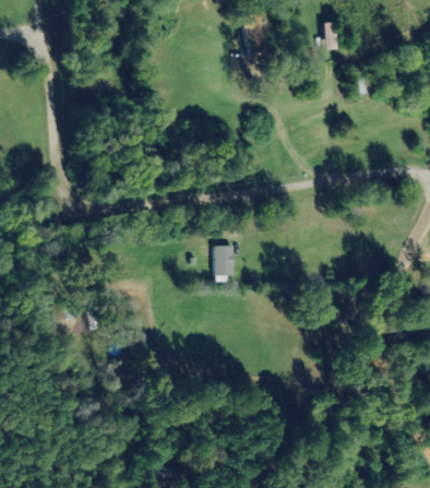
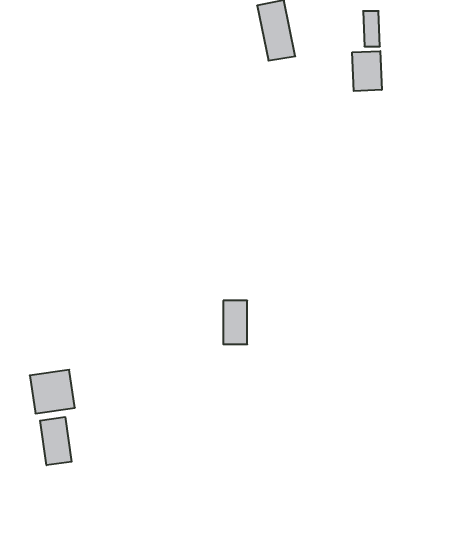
building: none -> [352,51,382,91]
building: none -> [40,417,72,465]

